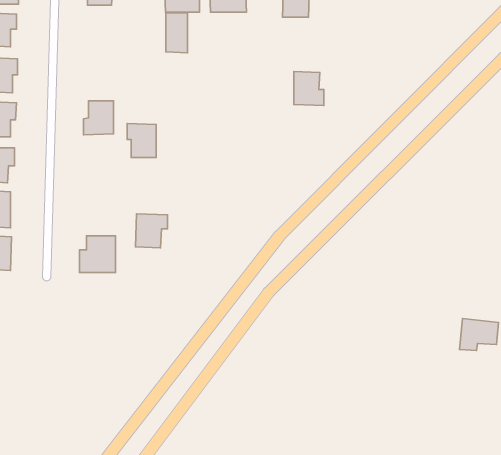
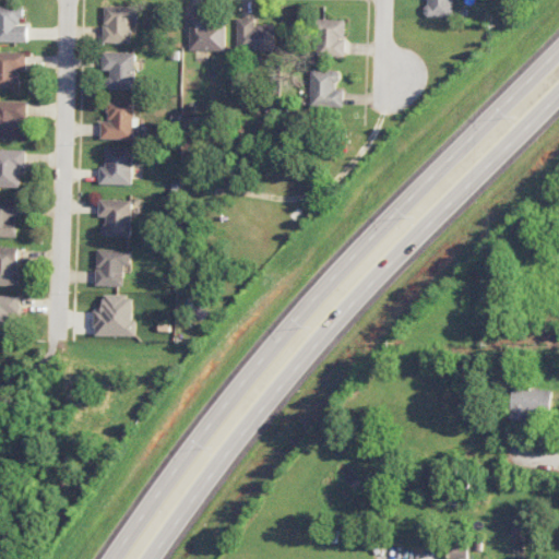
building: [166,13,187,53] -> none
building: none -> [100,53,133,91]
building: none -> [98,102,131,140]
building: [294,71,324,105] -> [309,71,342,108]
building: [127,124,156,158] -> [97,200,129,237]
building: [135,214,167,248] -> [94,250,129,287]

